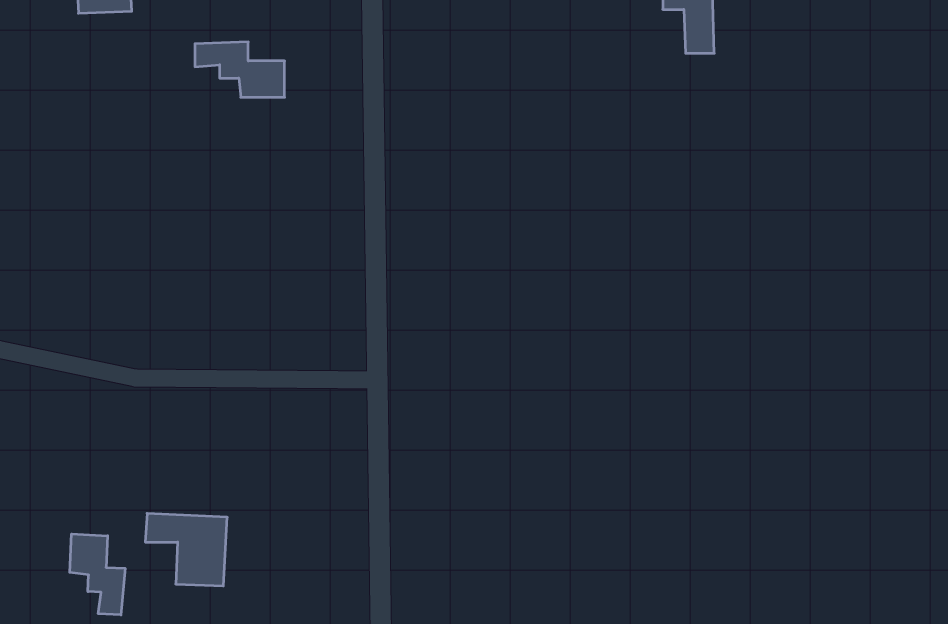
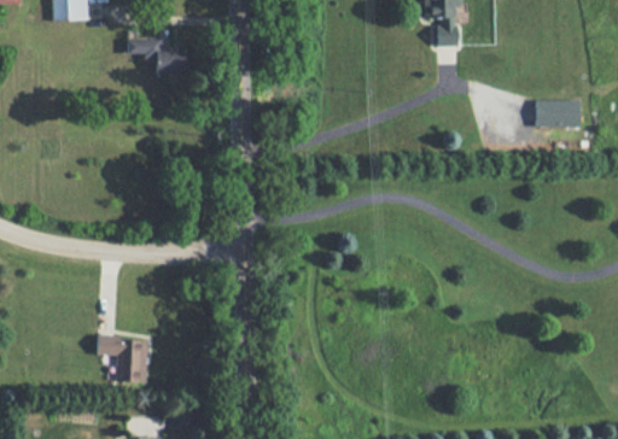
building: none -> [535,100,579,127]
building: [70,534,125,615] -> none

